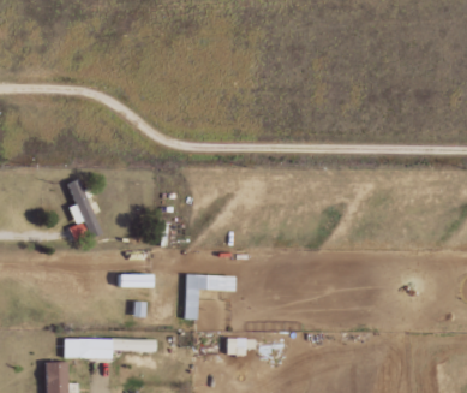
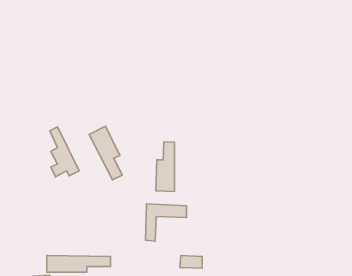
building: none -> [89,126,122,180]
building: none -> [156,142,175,191]

